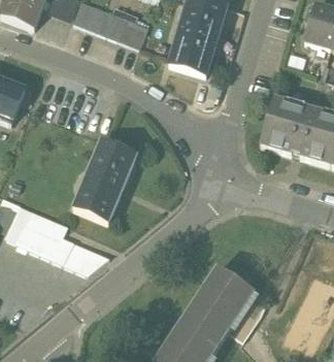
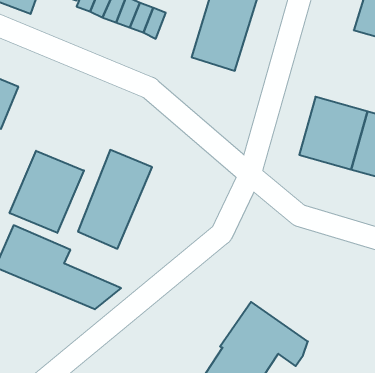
building: none -> [10,151,84,233]

